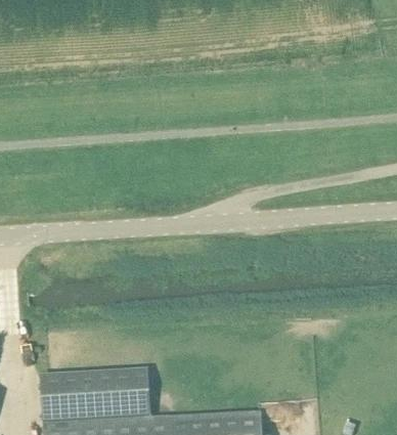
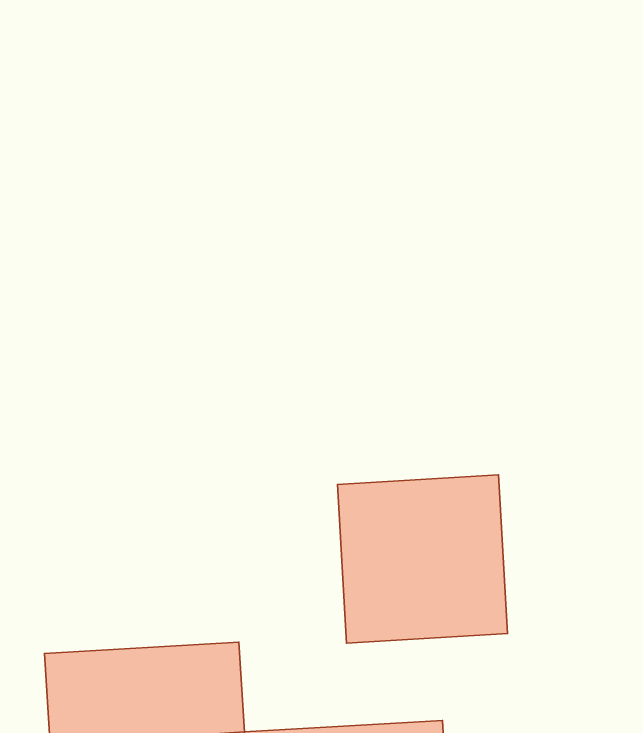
building: none -> [338,475,507,643]

